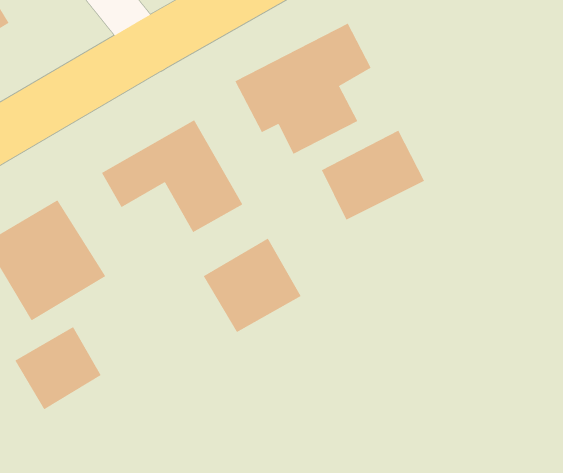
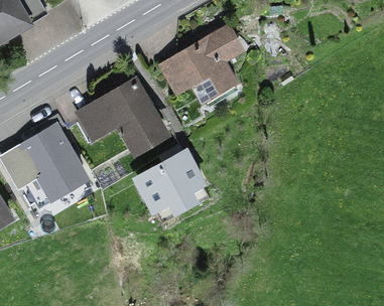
building: [321,130,425,221] -> none
building: [14,326,102,410] -> none

